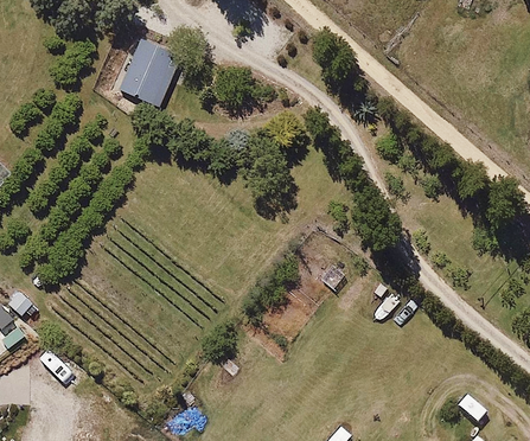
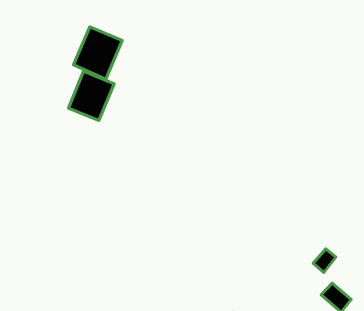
building: none -> [69,71,114,120]

